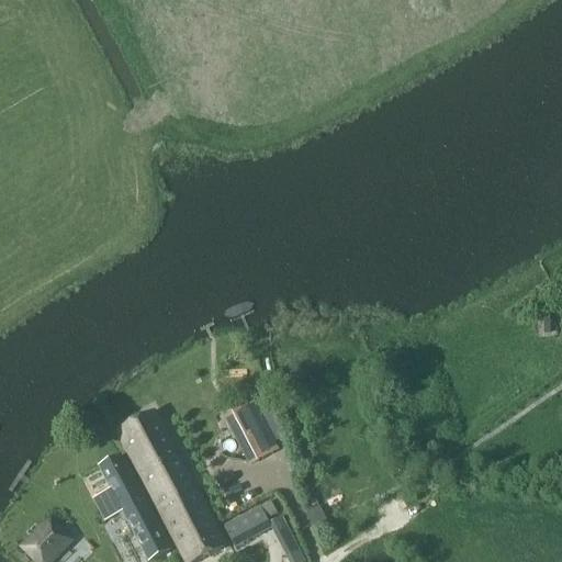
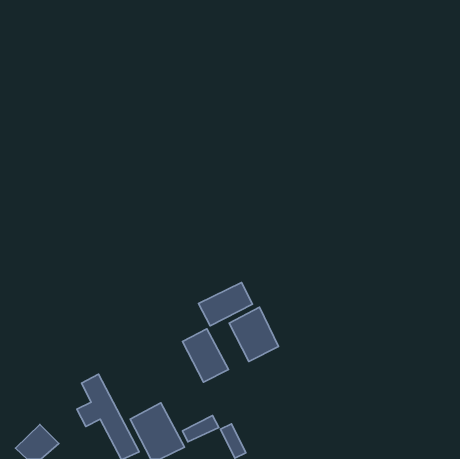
building: none -> [199,282,252,326]
building: none -> [229,307,278,362]
building: [117,412,195,509] -> none

